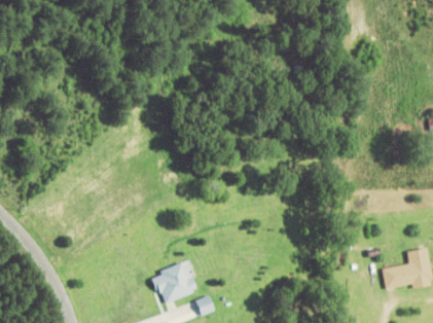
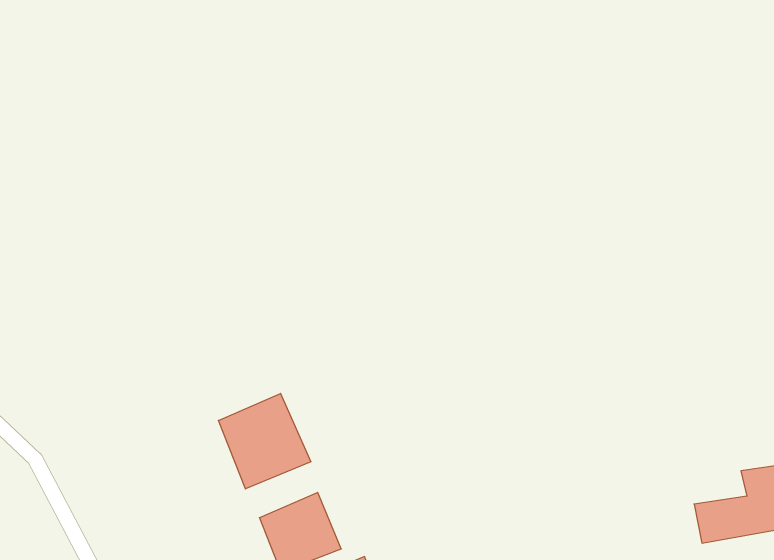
building: none -> [218,393,311,489]

